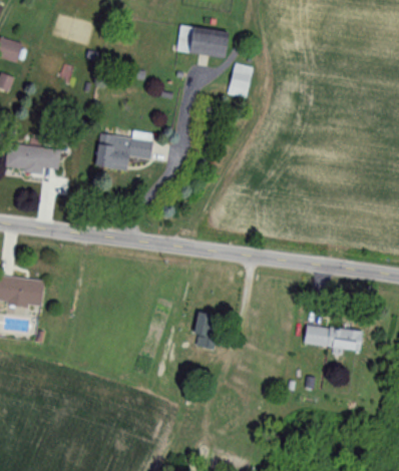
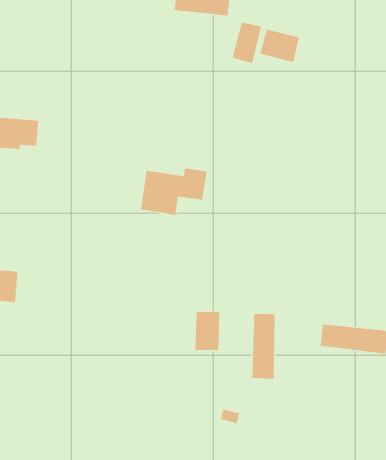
building: none -> [260,29,299,63]
building: [95,131,153,172] -> [140,168,207,215]
building: none -> [252,313,275,379]

